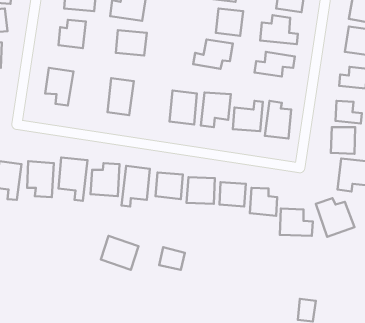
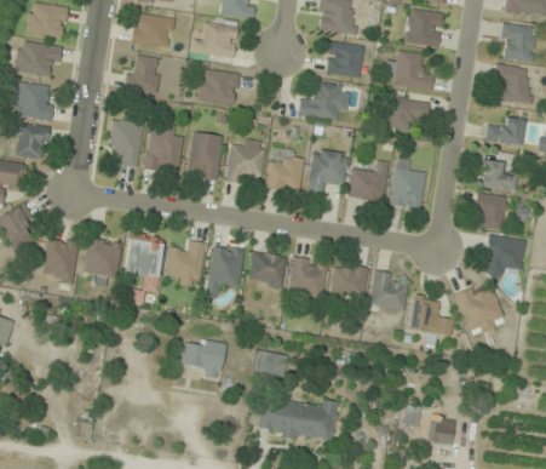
building: none -> [148,124,182,172]
building: none -> [225,139,265,184]
building: none -> [258,399,339,441]

